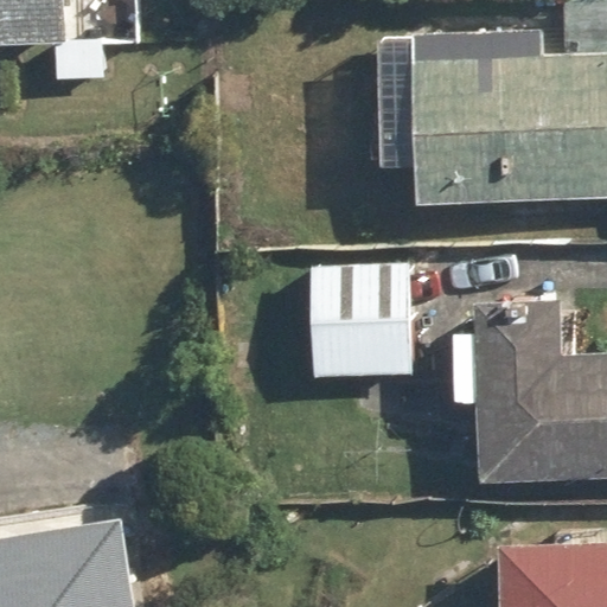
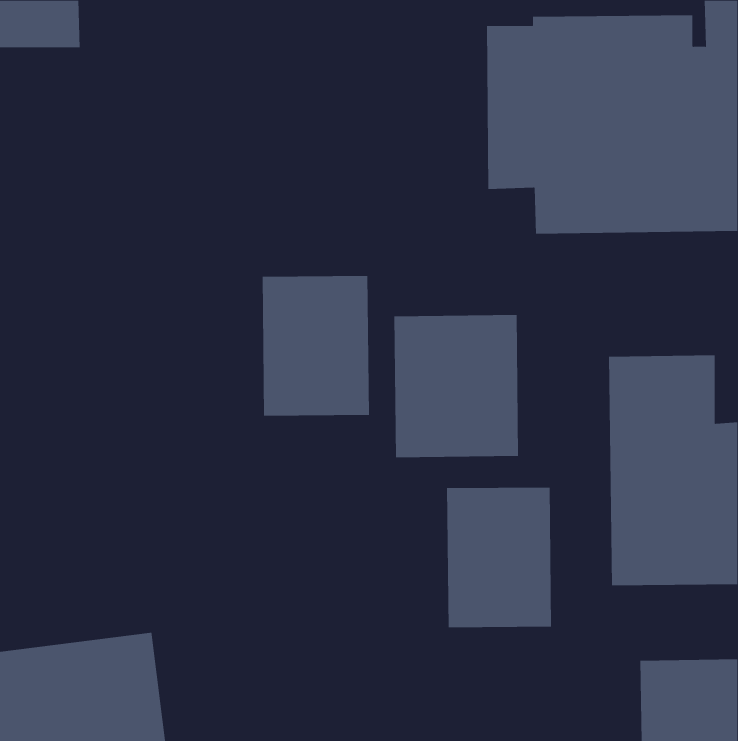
building: none -> [262,275,369,417]
building: none -> [447,487,552,628]

